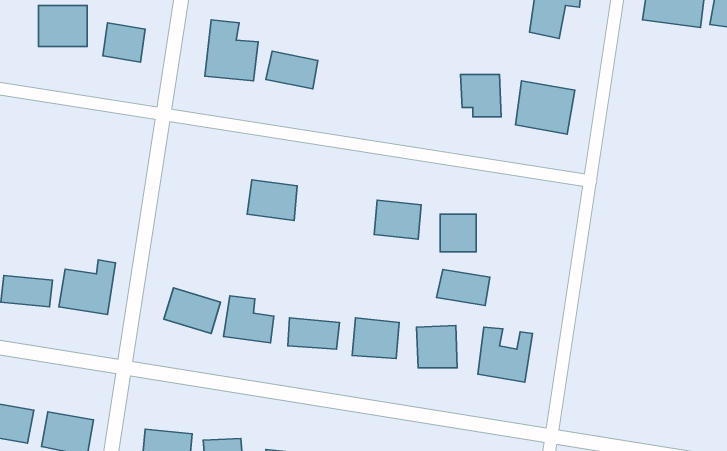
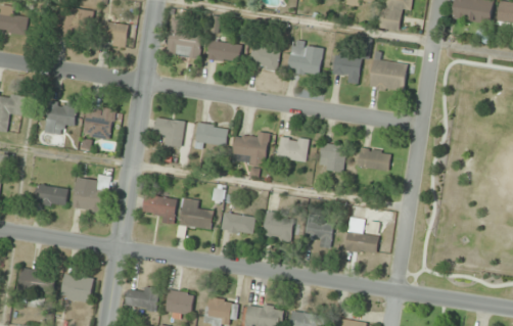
building: none -> [287,40,324,76]
building: none -> [249,46,279,67]
building: none -> [44,100,77,135]
building: none -> [83,106,116,139]
building: none -> [154,119,184,146]
building: none -> [232,131,268,165]
building: [436,269,490,305] -> [357,147,391,171]

